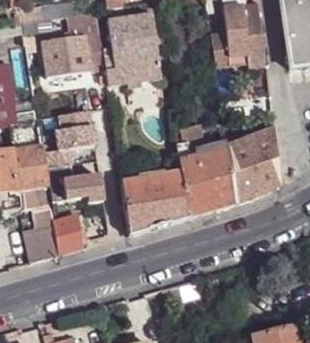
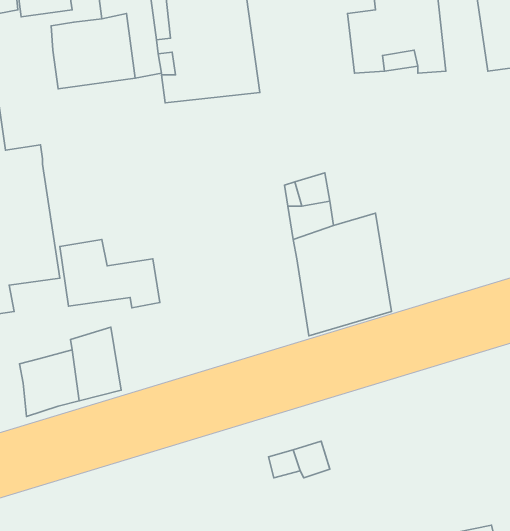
building: [43,108,94,166] -> none
building: [226,129,279,203] -> none
building: [118,166,188,234] -> none
building: [17,184,53,230] -> none

